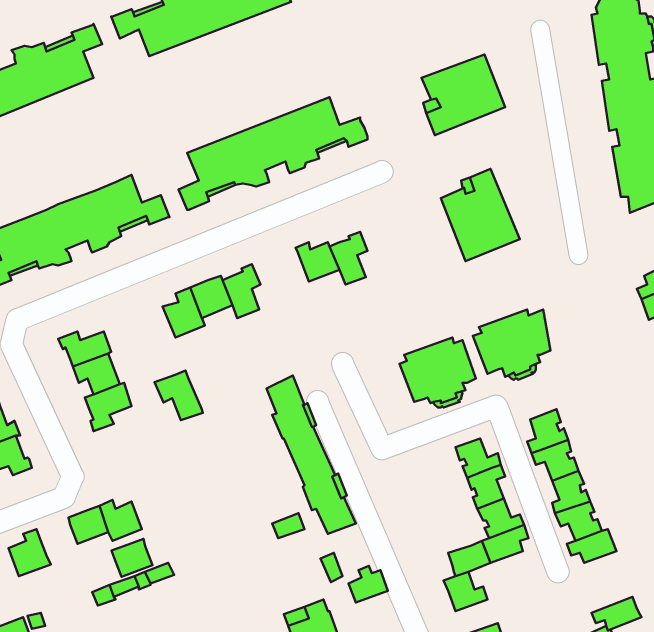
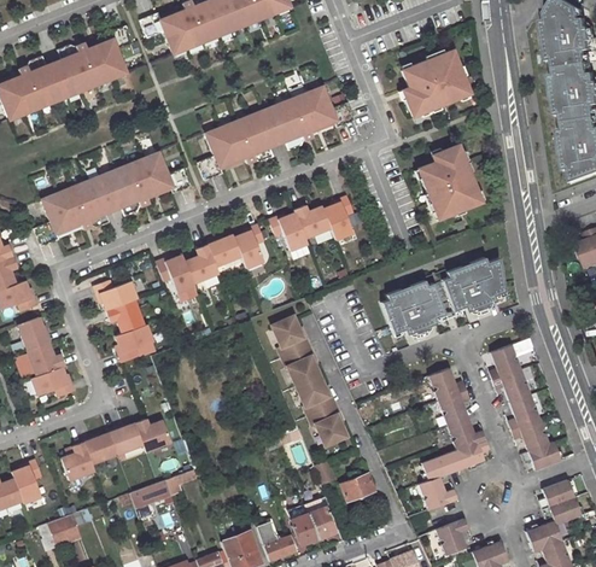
building: none -> [271,212,310,251]
building: [155,370,203,420] -> [159,252,199,293]
building: [111,539,152,577] -> [83,432,117,463]
building: none -> [537,480,574,510]

